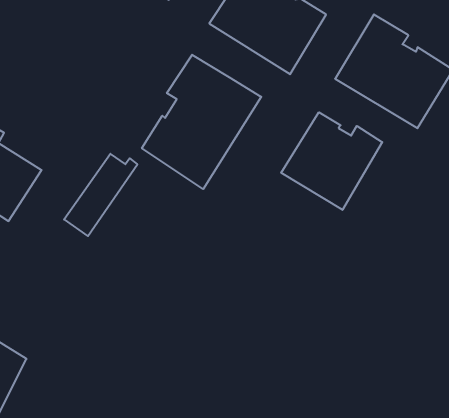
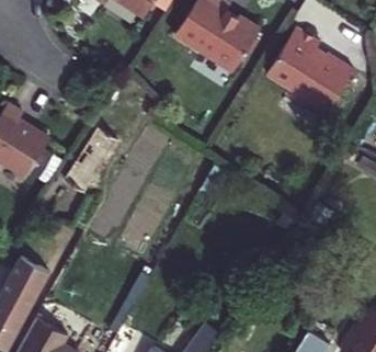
building: [142,55,261,189] -> none
building: [281,112,382,210] -> none

